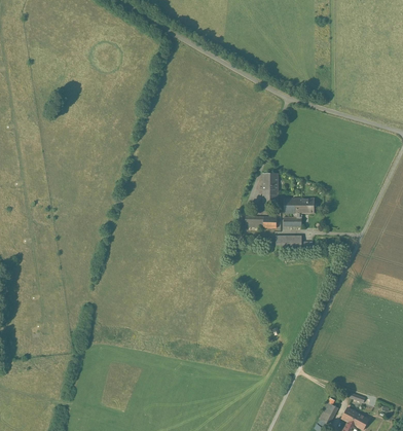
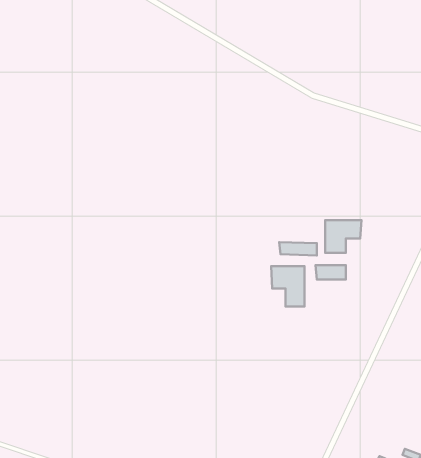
building: [262,173,277,202] -> none
building: none -> [271,266,305,306]

